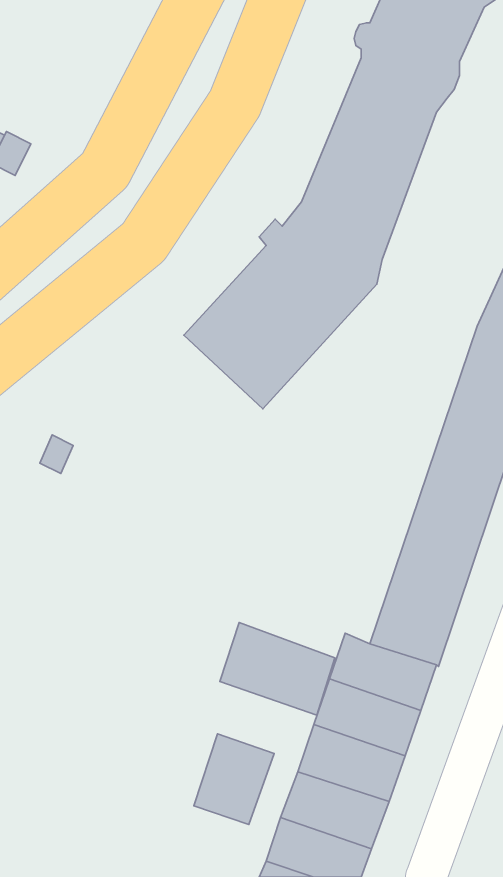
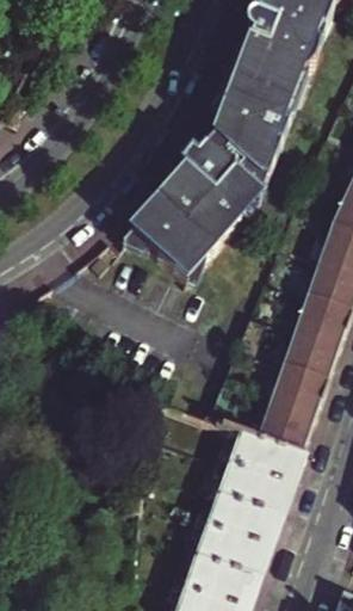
building: [220,622,335,715] -> none
building: [194,734,274,824] -> none

